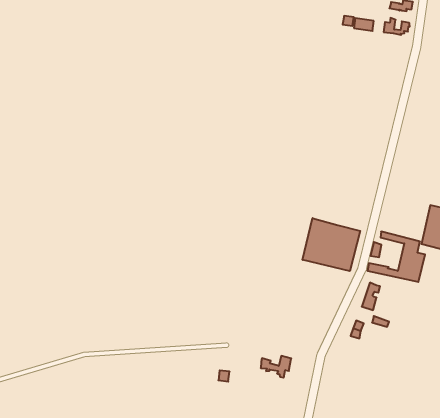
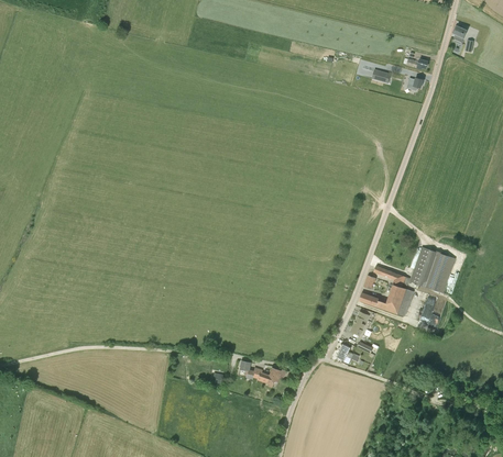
building: [303,218,360,271] -> none

